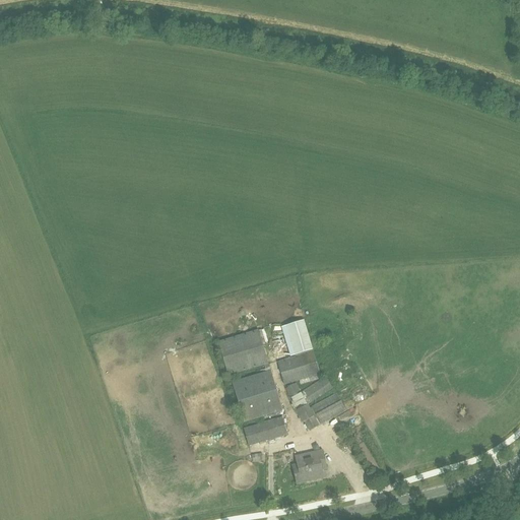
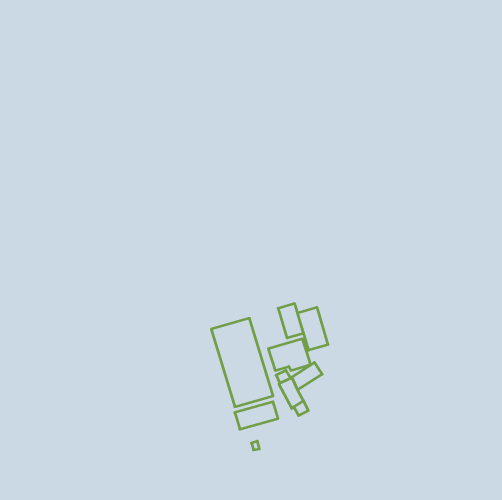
building: none -> [298,307,328,350]
building: [312,392,345,422] -> none
building: [292,449,326,482] -> none

